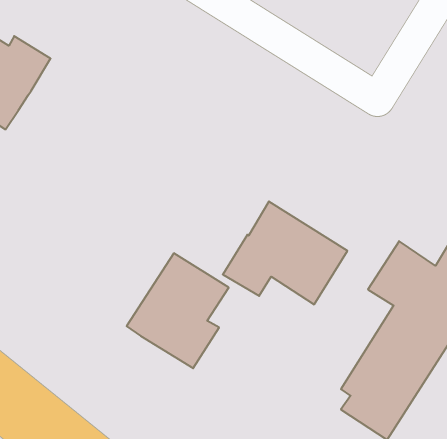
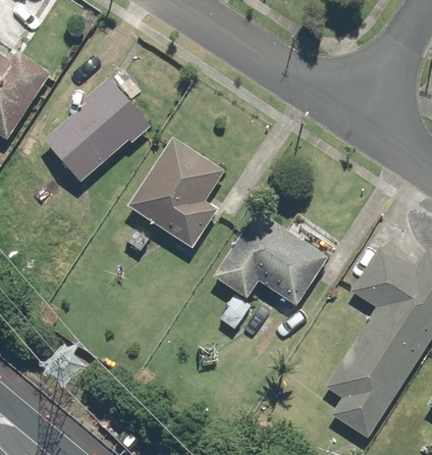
building: none -> [43,81,149,183]
building: [127,253,229,368] -> [128,138,225,247]

